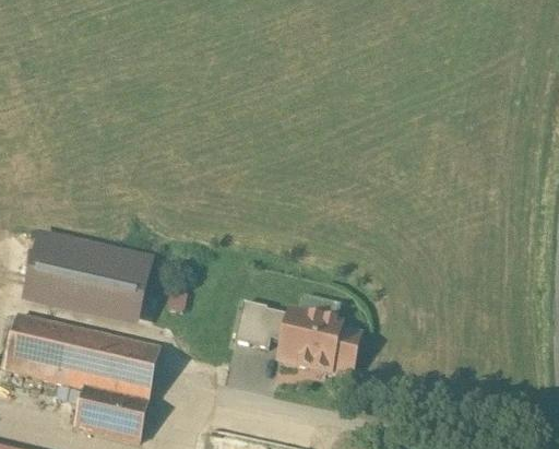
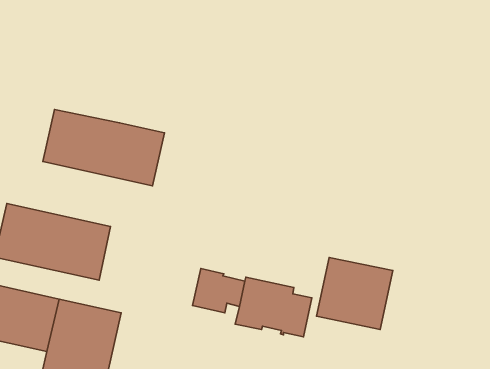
building: none -> [43,109,165,186]
building: none -> [317,257,393,329]

